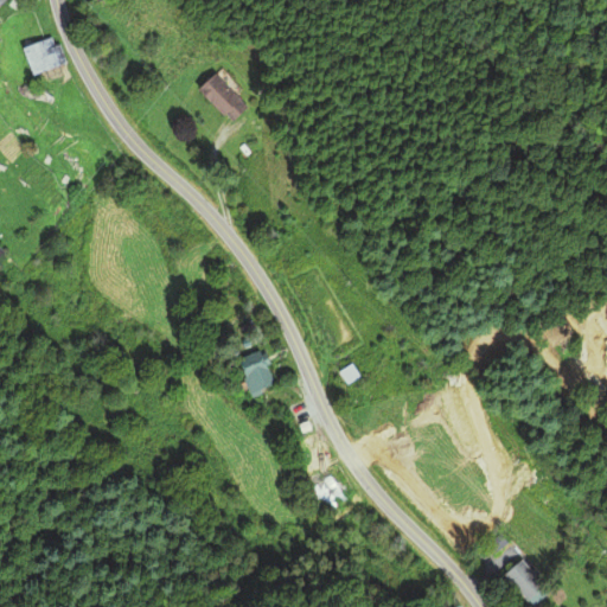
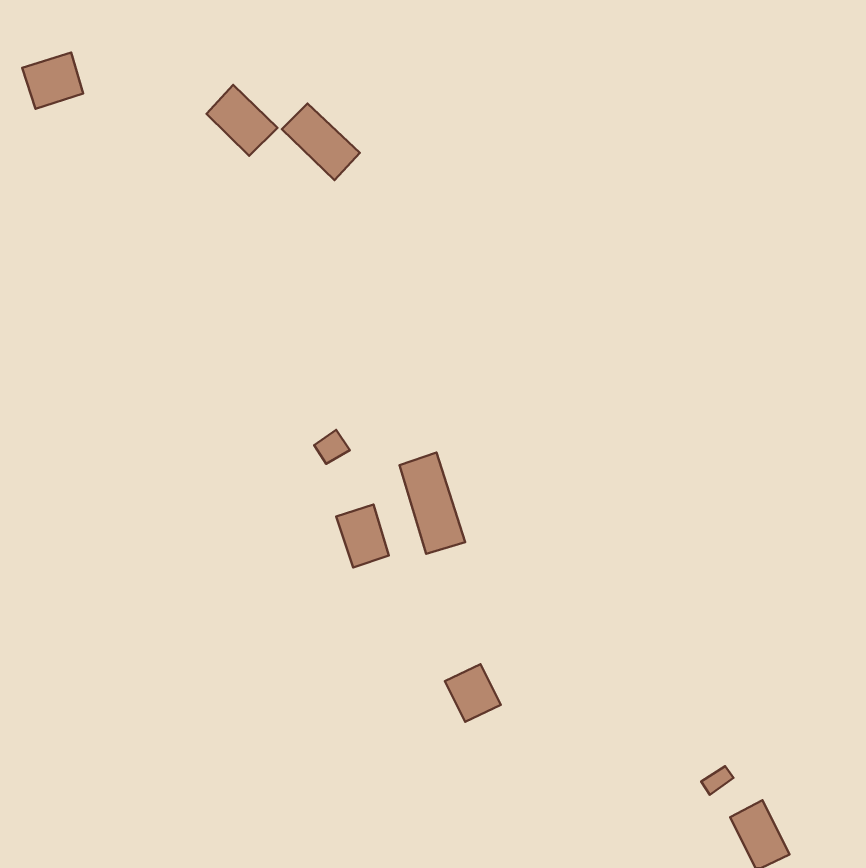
building: none -> [206,85,278,156]
building: none -> [399,453,465,554]

